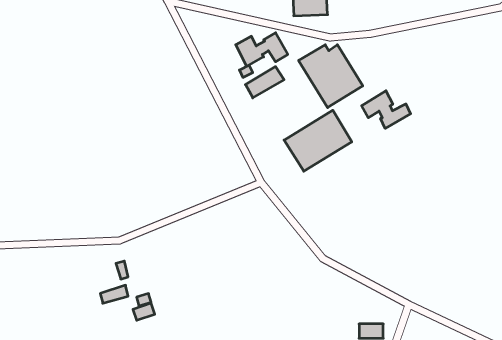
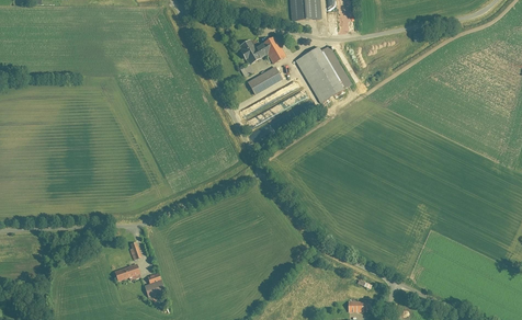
building: [362,91,411,128] -> none
building: [284,110,352,171] -> none

